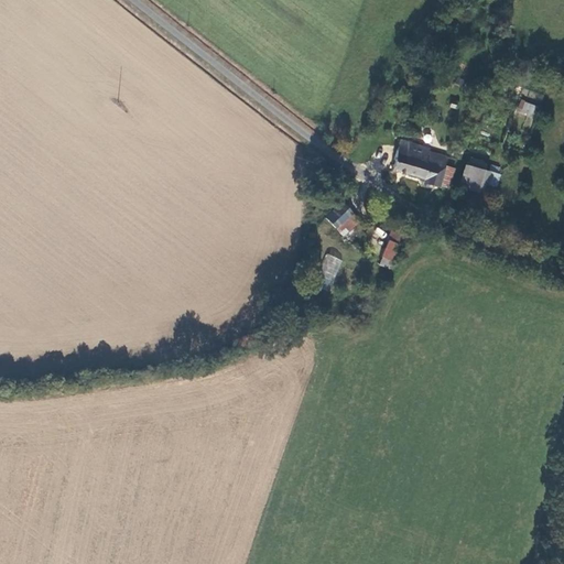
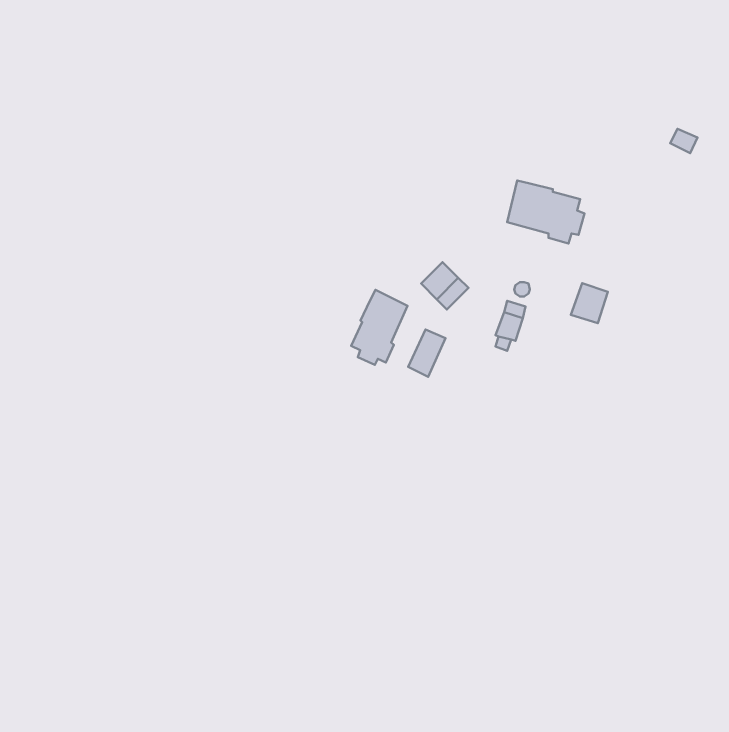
building: [457,163,486,194] -> [571,283,608,323]
building: none -> [351,290,408,365]

